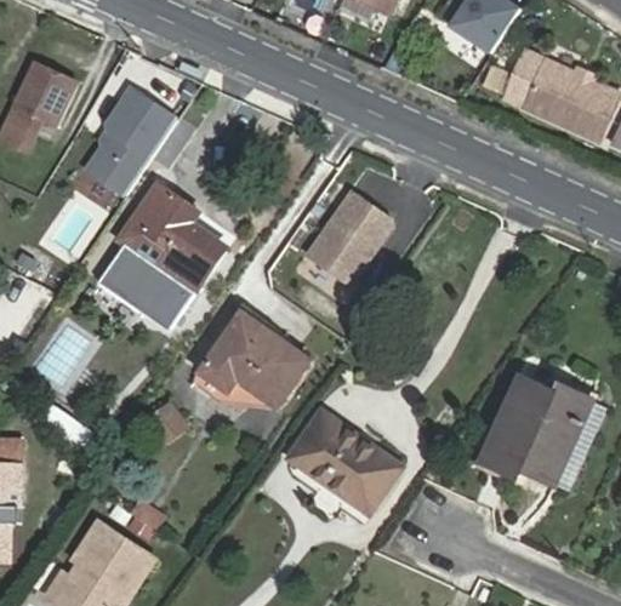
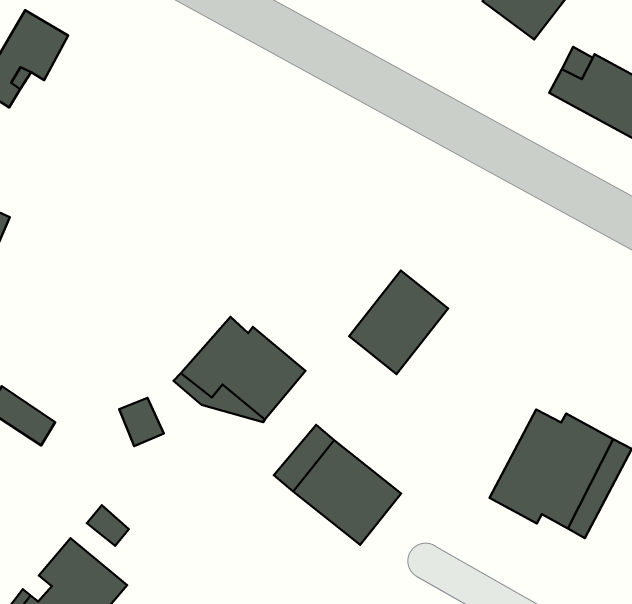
building: [80,81,173,194] -> none
building: [96,179,233,331] -> none
building: [304,189,391,281] -> [349,270,448,374]

